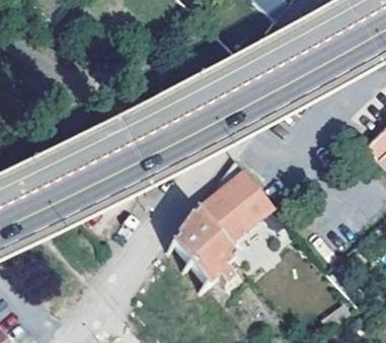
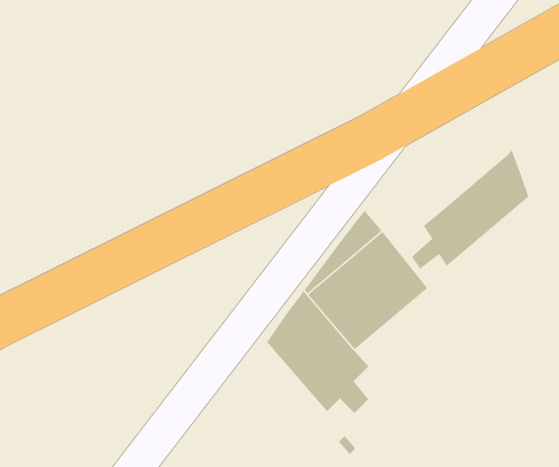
building: none -> [411,150,529,270]

